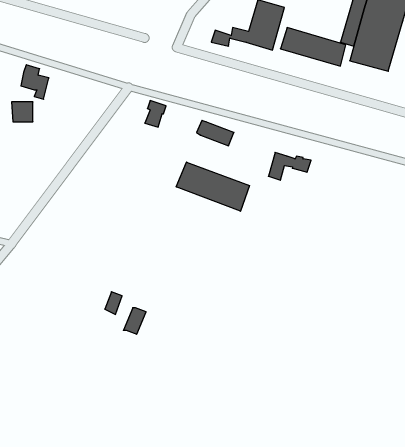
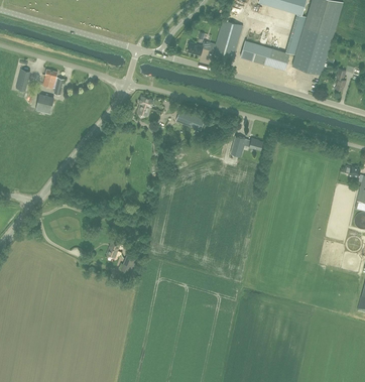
building: [176,162,250,211] -> none

